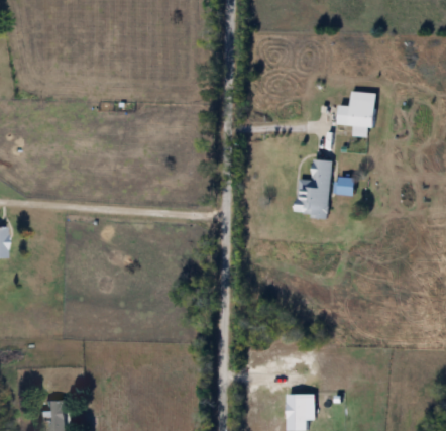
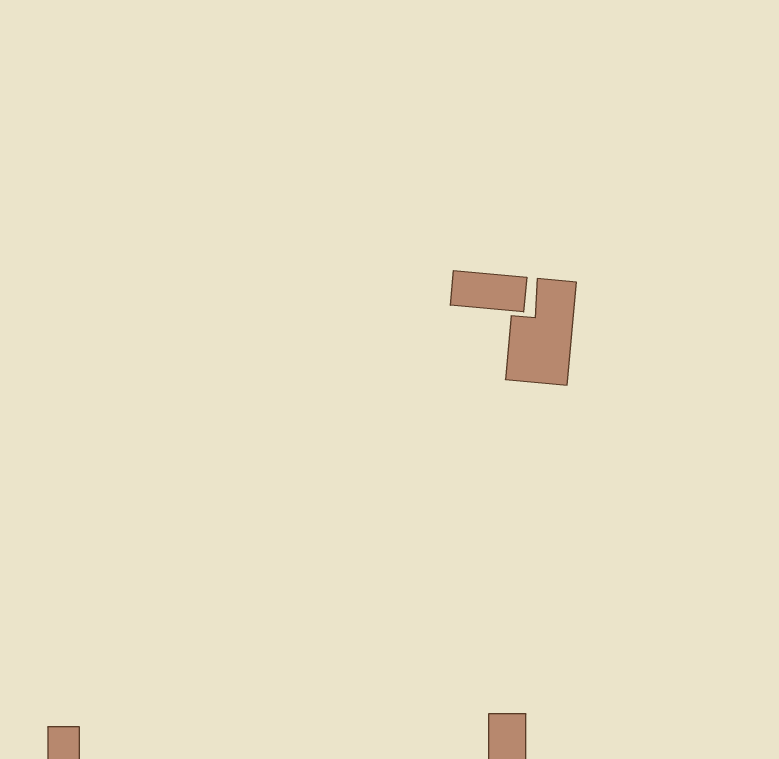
building: [338,91,376,126] -> none
building: none -> [450,271,527,312]

